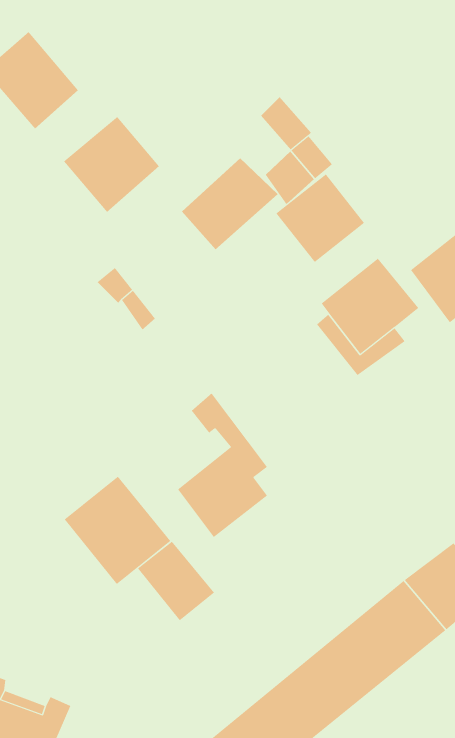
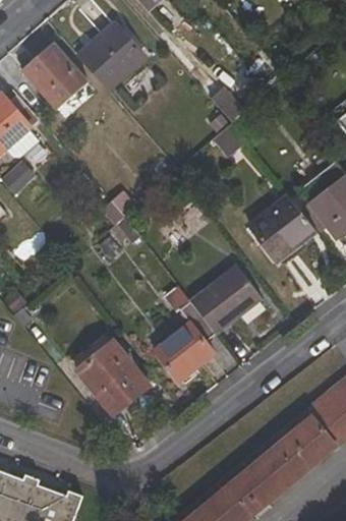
building: [63,116,160,213] -> [78,25,143,91]
building: [181,157,278,250] -> none
building: [276,173,365,263] -> none
building: none -> [189,266,262,335]
building: [137,541,215,621] -> none

